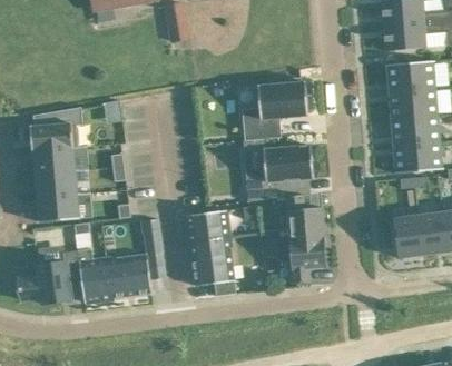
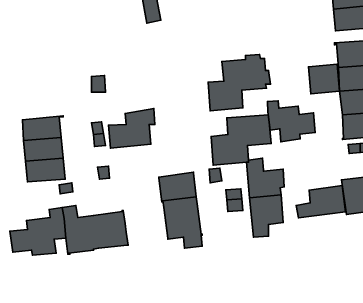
building: none -> [309,64,339,94]
building: [30,107,82,151] -> [109,109,155,148]
building: none -> [267,101,315,142]
building: none -> [296,185,346,218]

